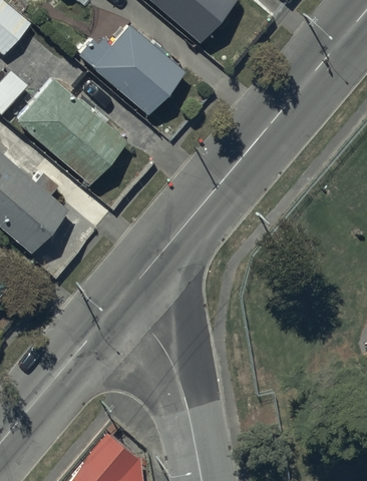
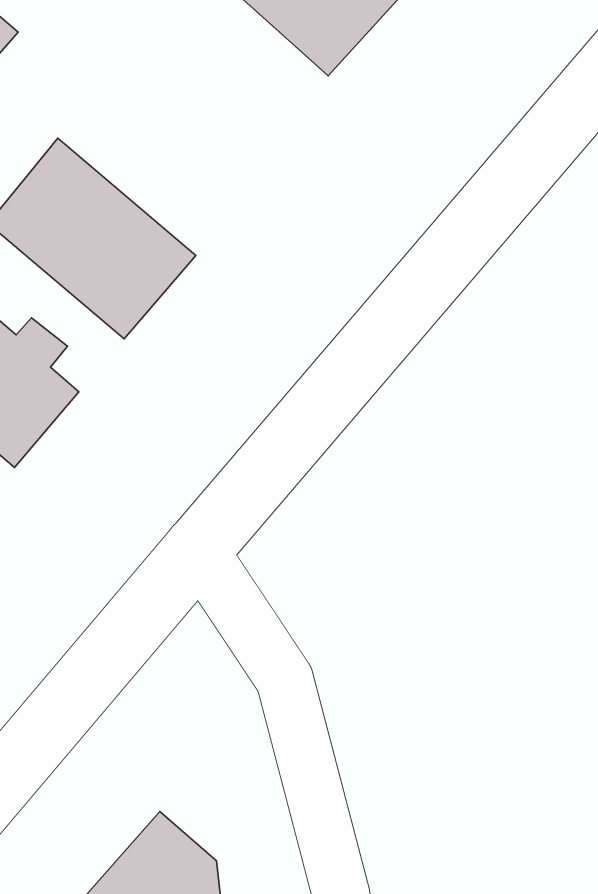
building: [77,27,185,116] -> none

